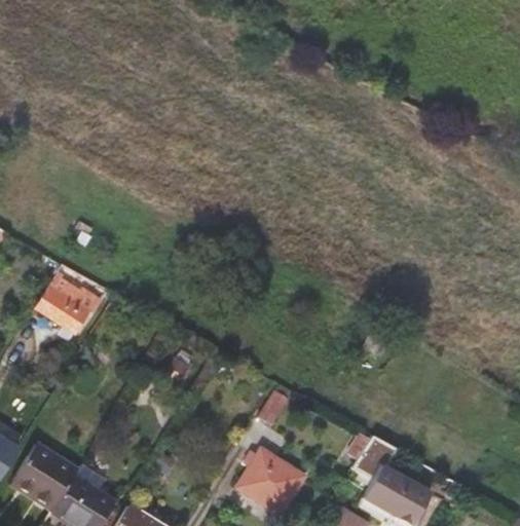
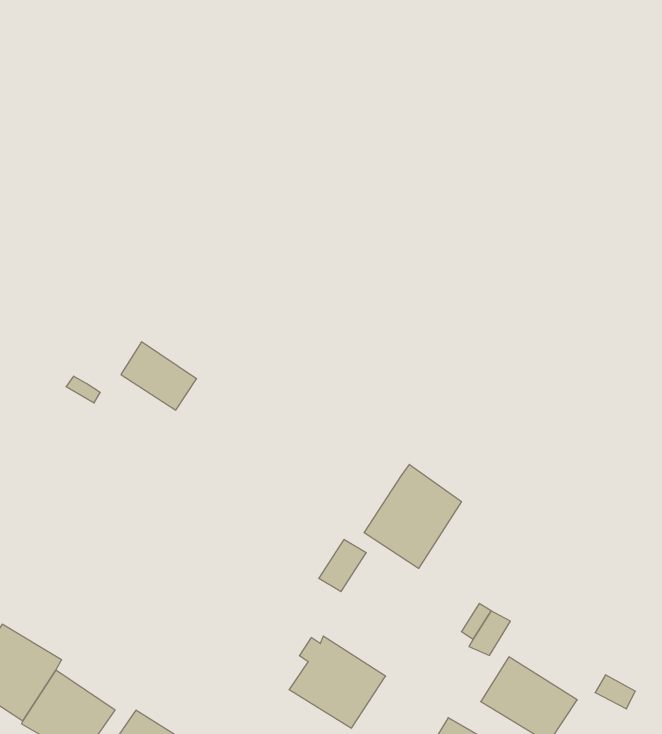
building: [43,278,96,326] -> [121,342,197,410]
building: none -> [364,464,461,568]

